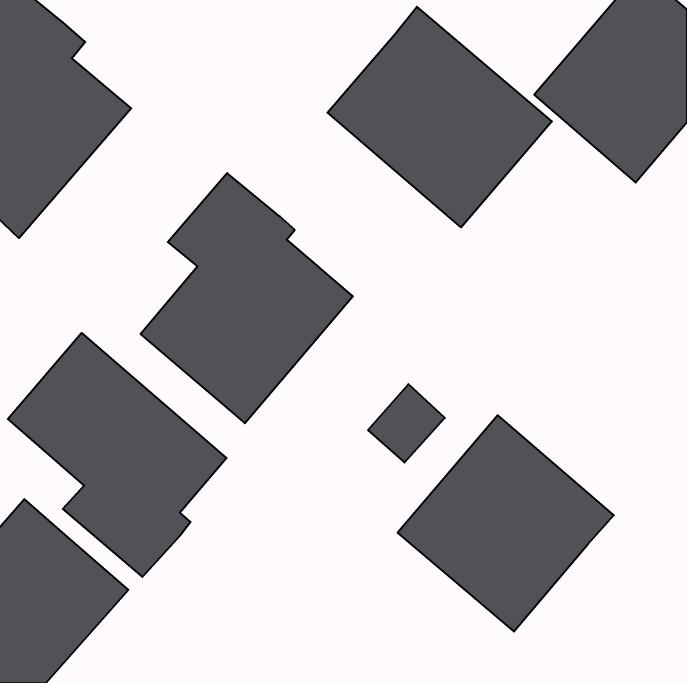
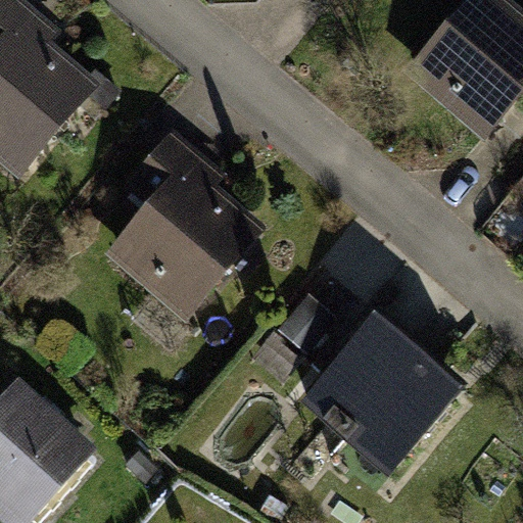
building: [327,7,552,227] -> none
building: [8,333,227,577] -> none

